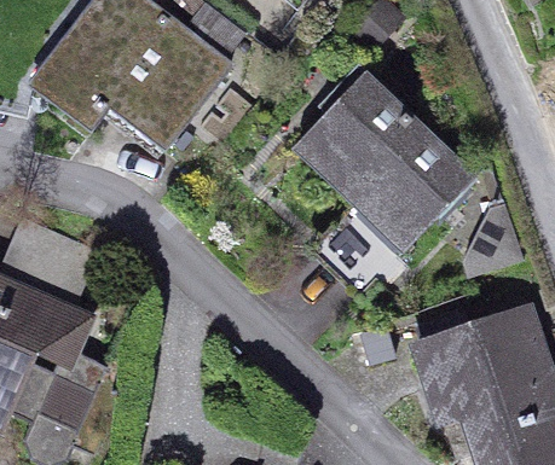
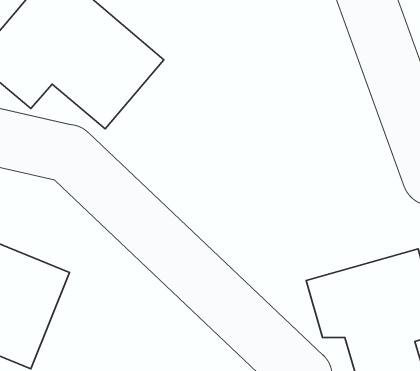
building: [289,81,476,267] -> none

